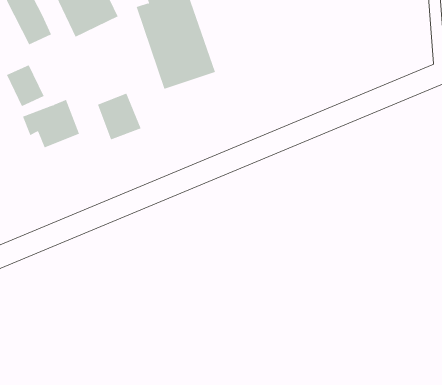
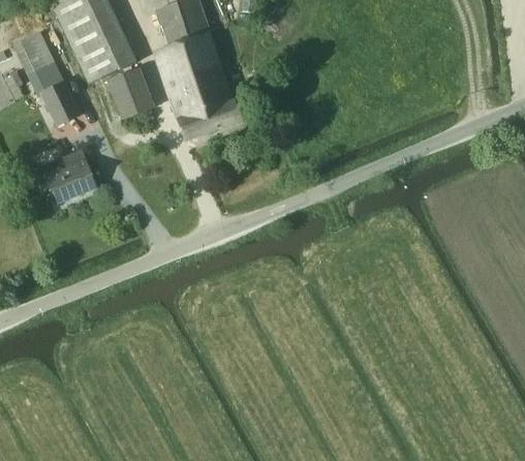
building: [6,64,45,107] -> [39,81,81,126]
building: [97,93,141,140] -> [106,67,154,118]

